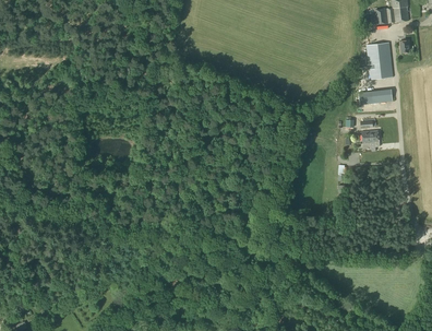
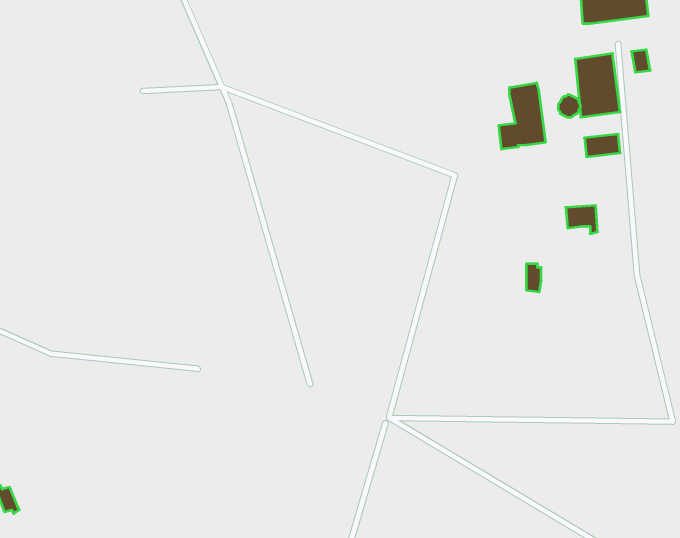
building: none -> [499,83,545,149]

